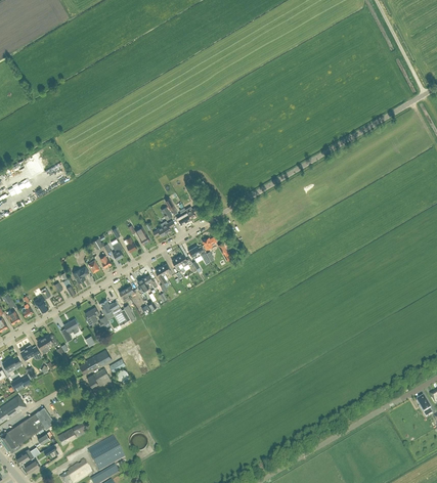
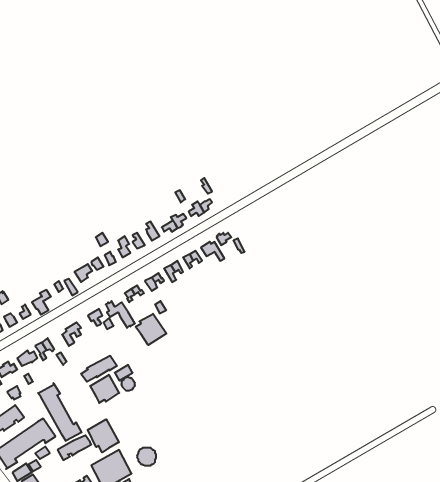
building: none -> [136,314,166,345]
building: none -> [38,383,82,441]
building: none -> [88,419,119,452]

